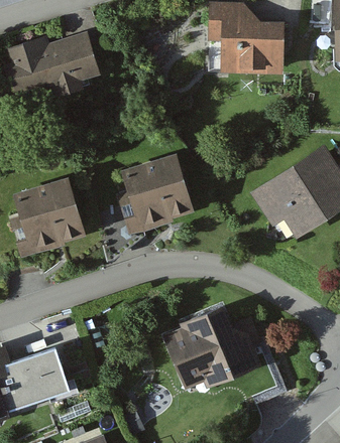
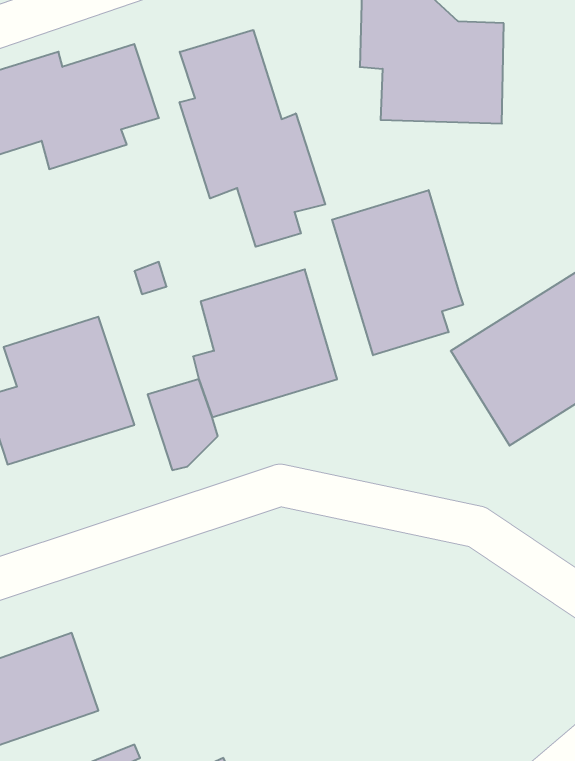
building: none -> [180,30,325,247]
building: none -> [332,190,463,355]
building: [163,307,260,390] -> none

